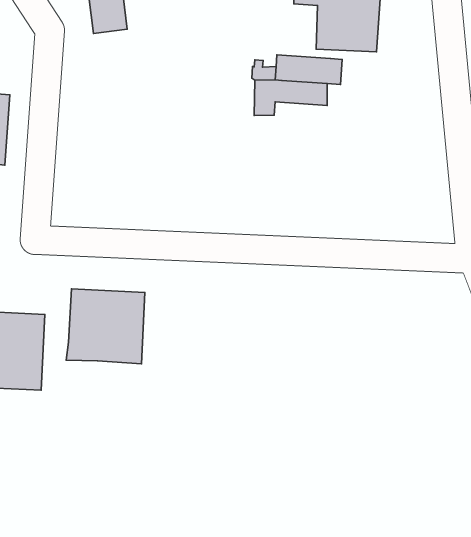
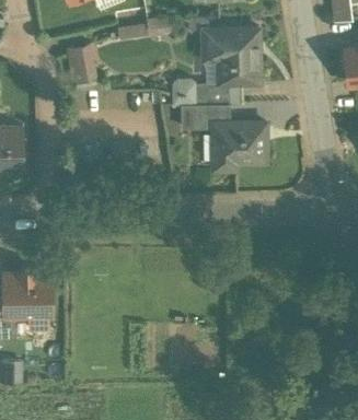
building: none -> [212,124,265,168]
building: [66,289,145,364] -> none

